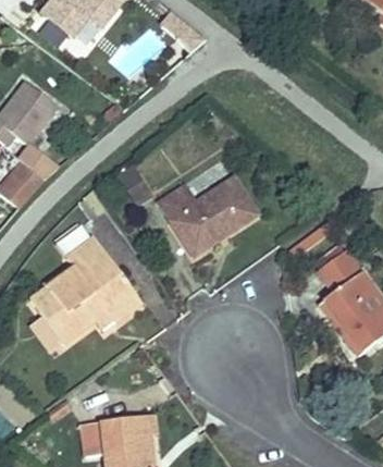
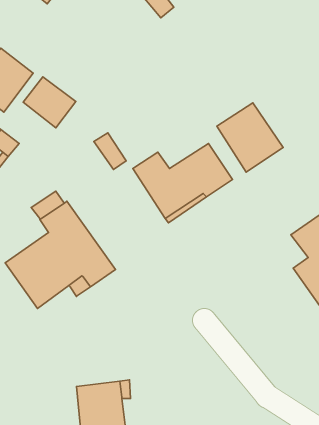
building: none -> [23,77,76,128]
building: none -> [217,103,283,172]

